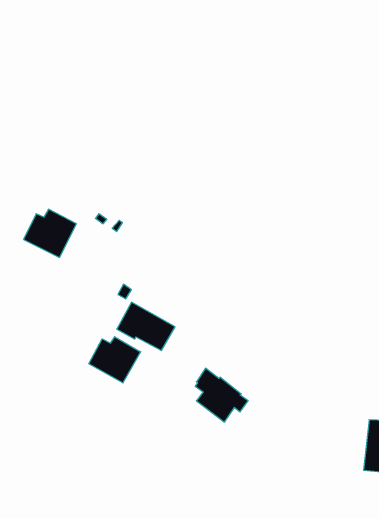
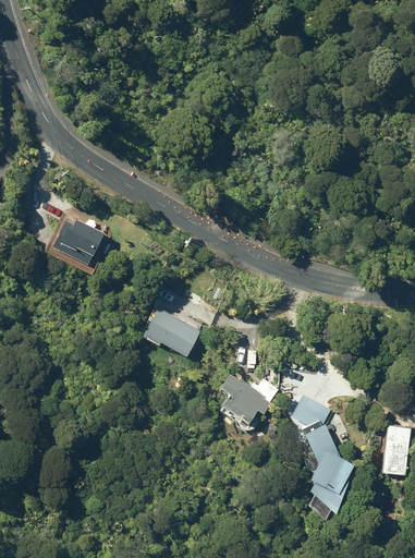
building: [89,337,141,383] -> none
building: none -> [290,396,355,510]

